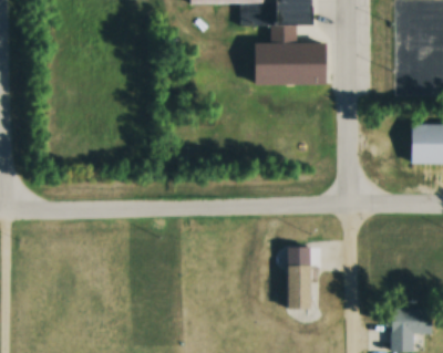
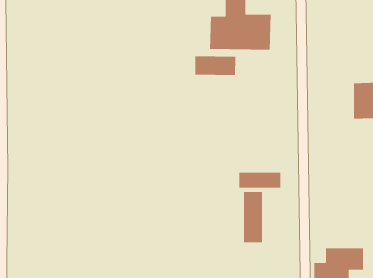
building: none -> [195,56,236,76]
building: none -> [239,172,281,188]

